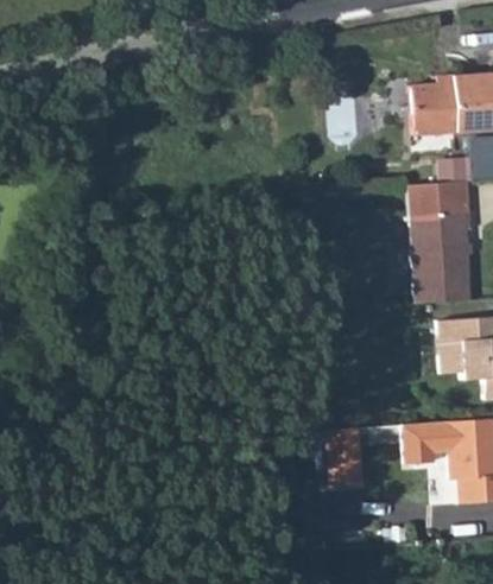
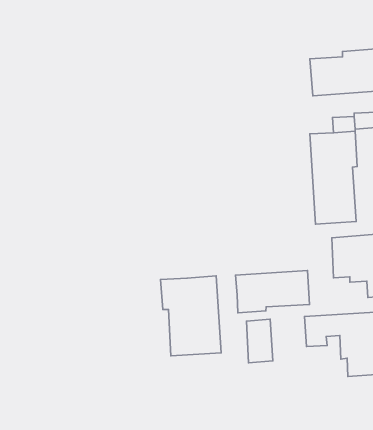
building: none -> [235,270,310,313]
building: none -> [160,276,221,356]

